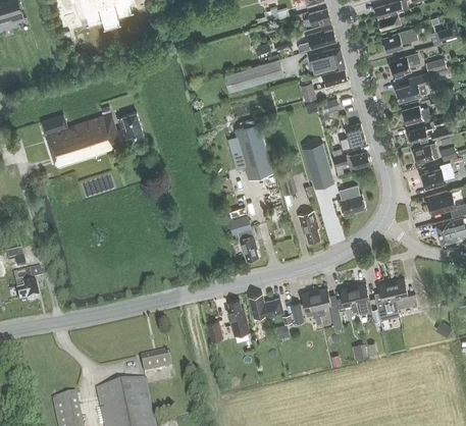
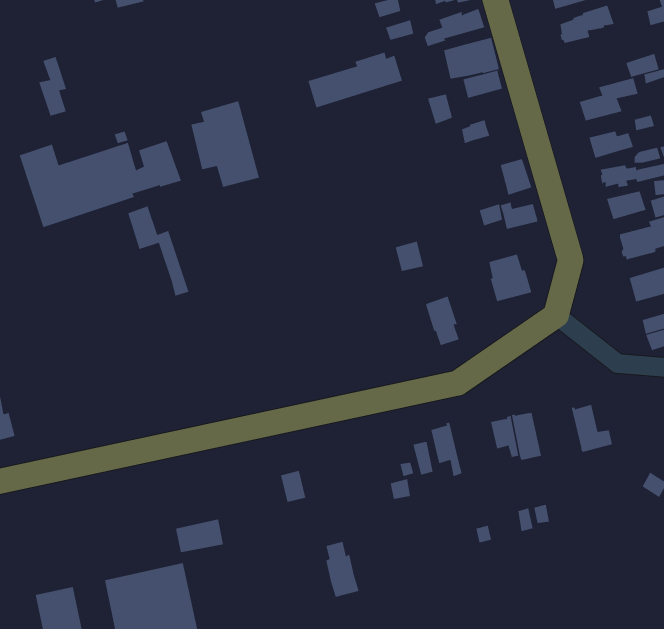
building: [389,52,418,75] -> none
building: none -> [38,56,67,116]
building: [227,123,271,178] -> [190,100,260,188]
building: [302,142,333,188] -> none
building: none -> [128,206,189,297]
building: [228,215,257,260] -> none
building: [373,280,396,311] -> none
building: [313,288,341,327] -> none
building: [248,294,282,317] -> none
building: [227,300,249,335] -> [325,541,359,598]

